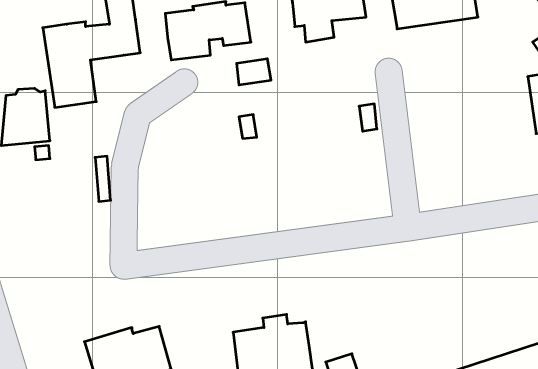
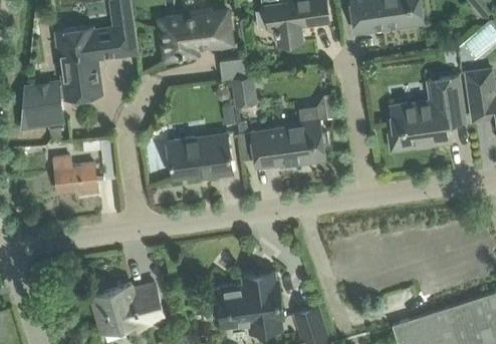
building: none -> [232,76,257,106]
building: none -> [389,77,465,151]
building: none -> [250,108,326,167]
building: none -> [168,134,233,178]
building: none -> [53,157,98,194]

